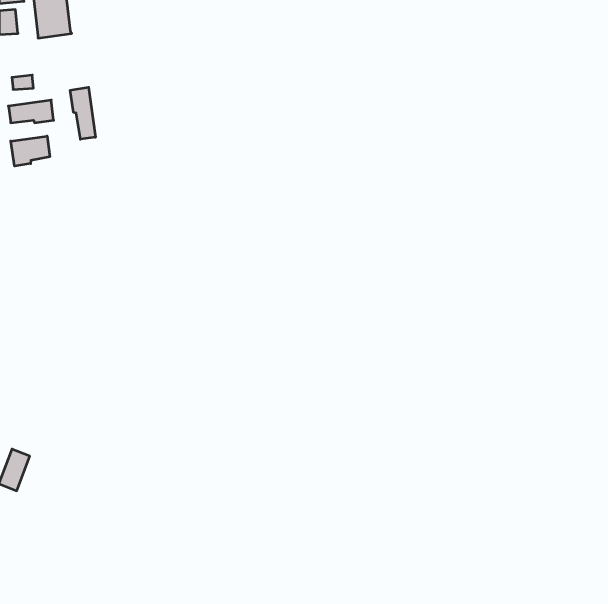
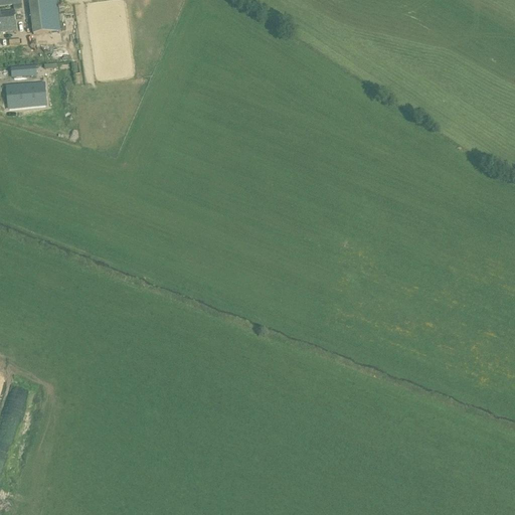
building: [70,87,95,139] -> none
building: [11,136,50,166] -> none

